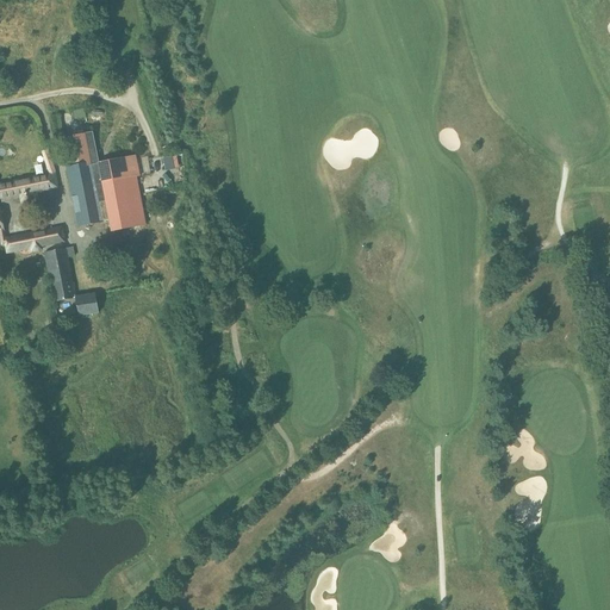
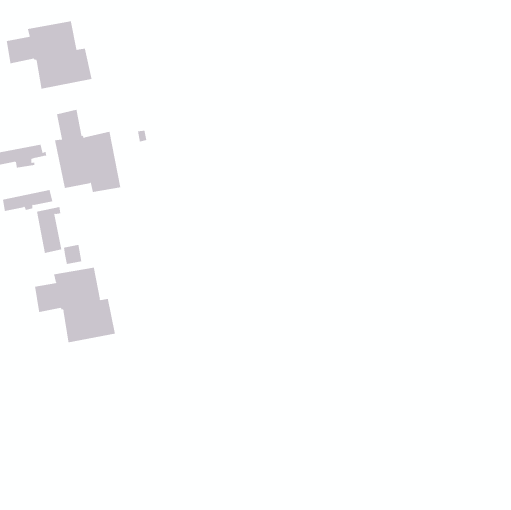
building: none -> [6,21,92,90]
building: none -> [34,267,115,343]

